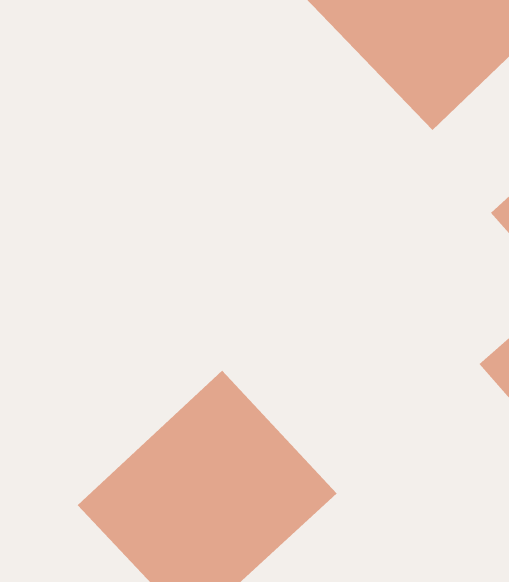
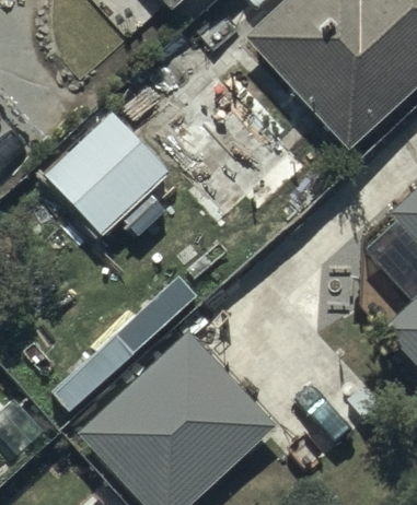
building: none -> [46,113,169,235]

